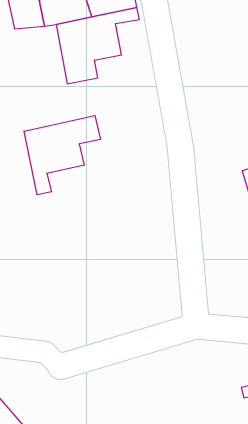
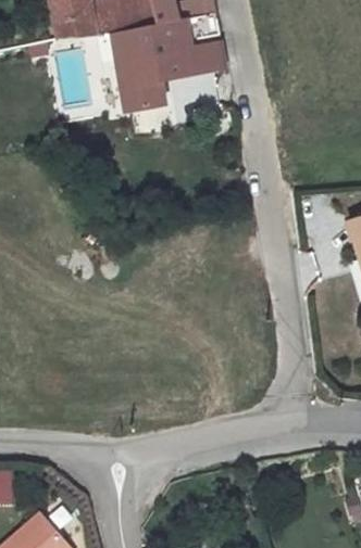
building: none -> [187,27,224,73]
building: [24,115,100,195] -> none

